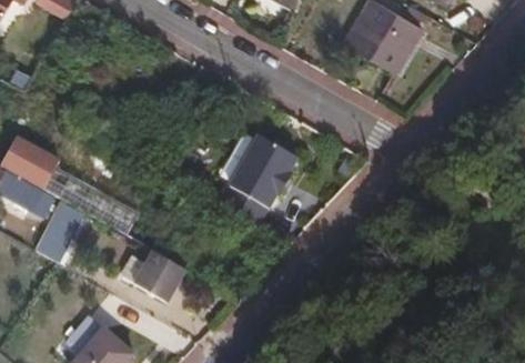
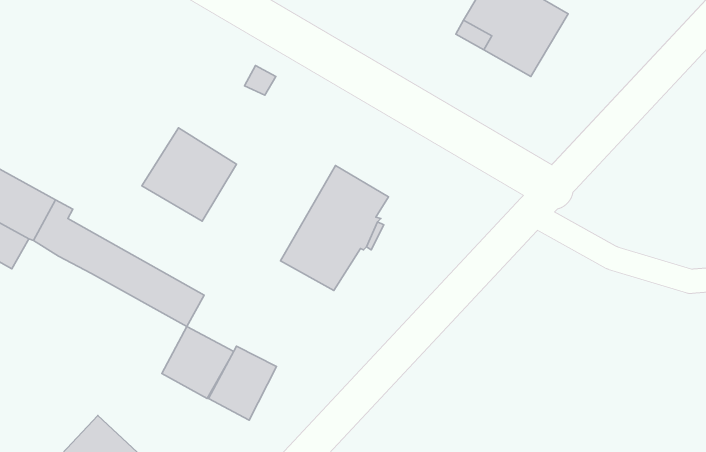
building: none -> [142,128,237,221]
building: [34,200,84,263] -> none
building: none -> [209,346,277,420]

